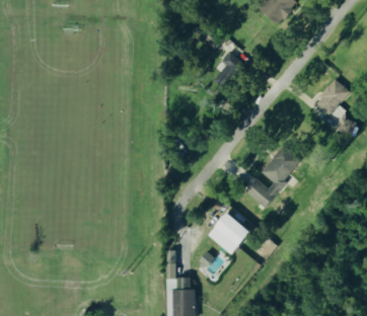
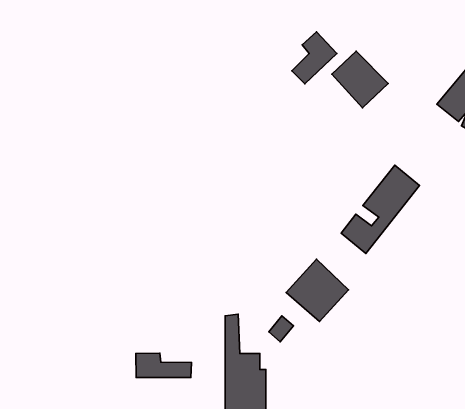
building: none -> [332,51,388,108]
building: none -> [136,353,192,377]

